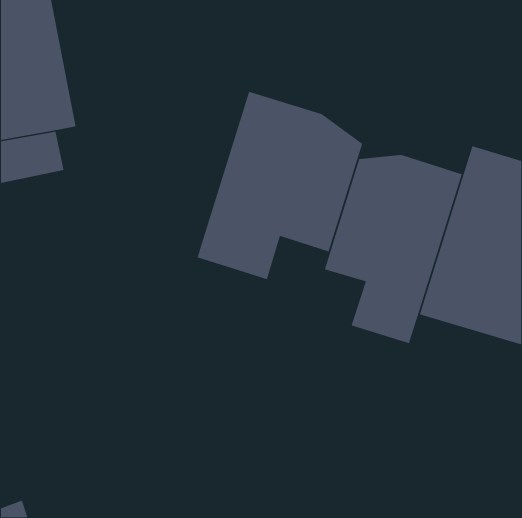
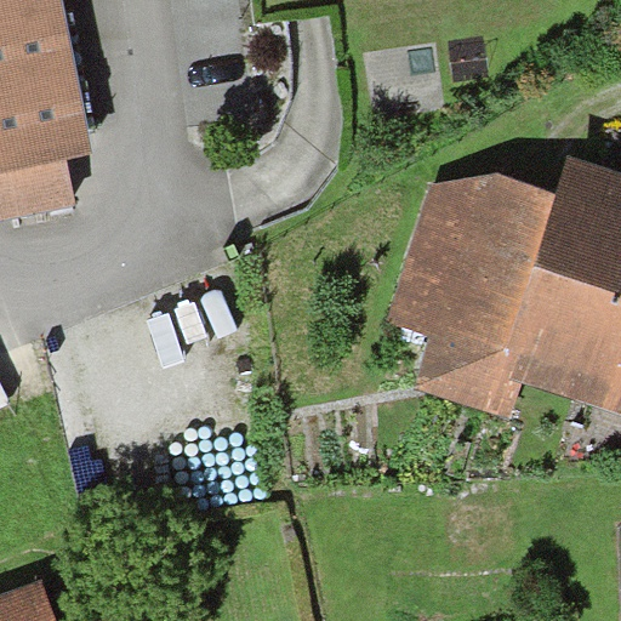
building: [196,91,363,280] -> none

